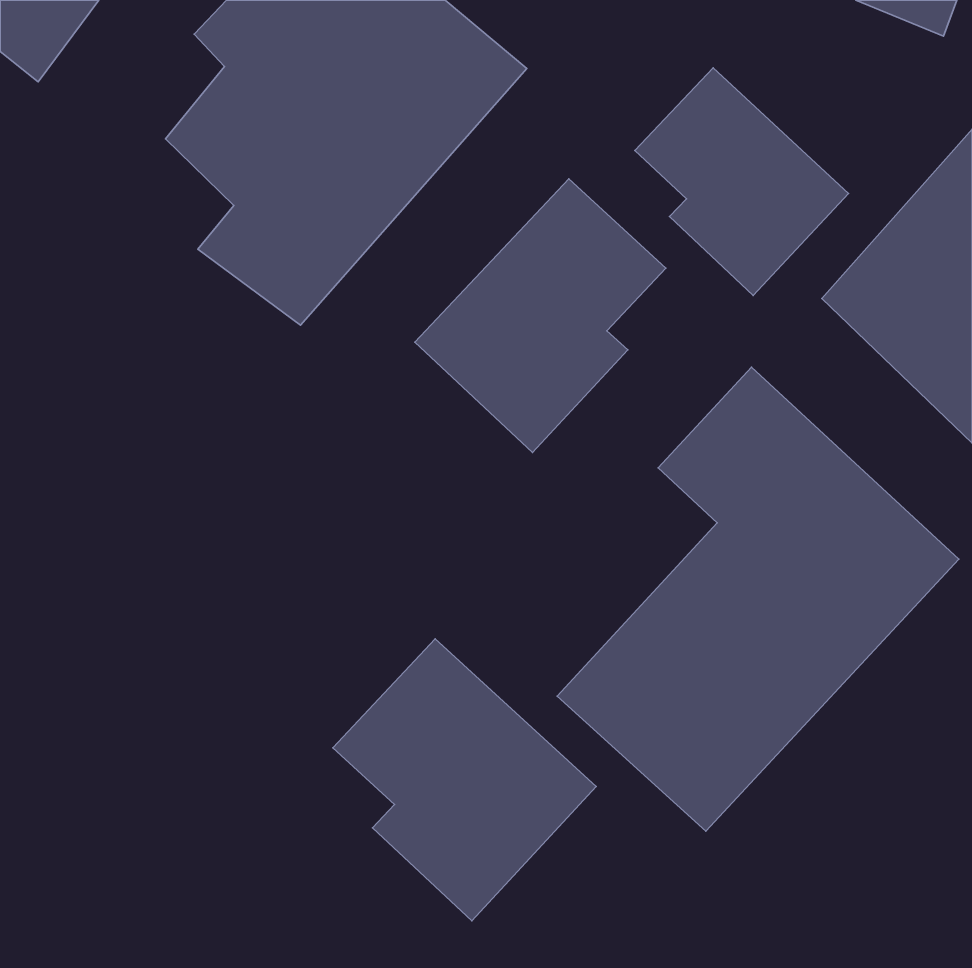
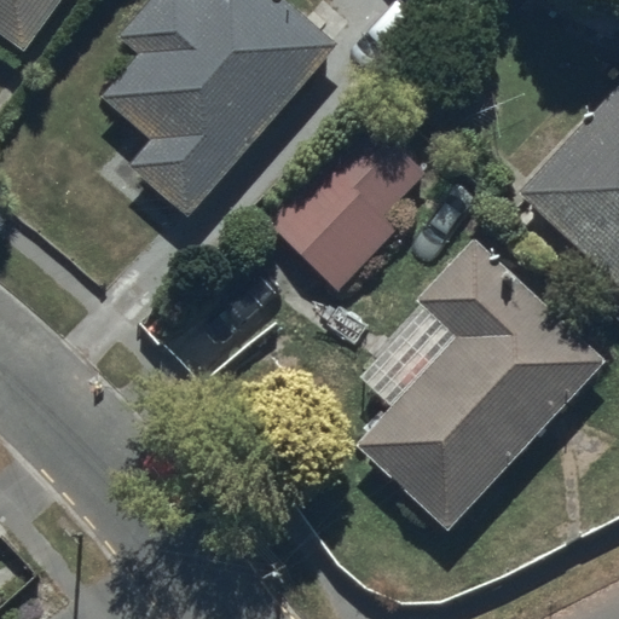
building: [635,68,849,295] -> none
building: [333,639,596,921] -> none

